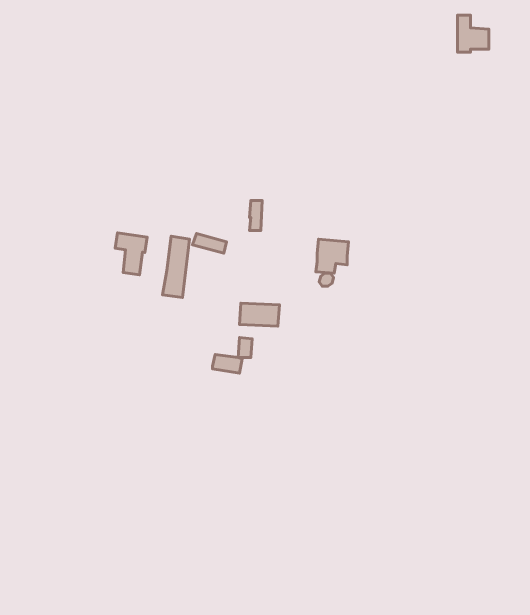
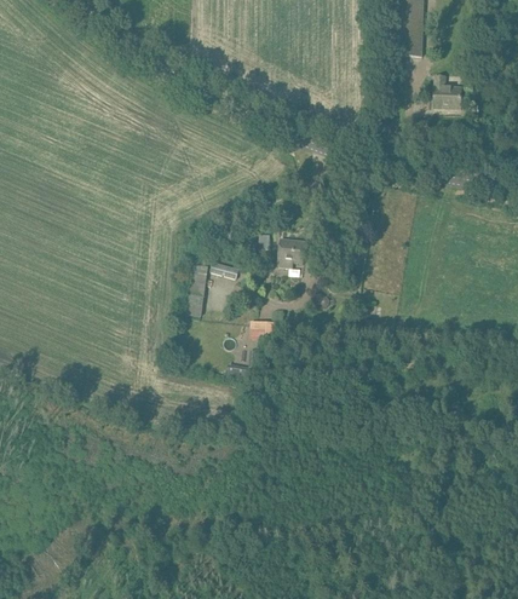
building: [115,233,147,275] -> none
building: [316,239,349,273] -> [277,237,305,266]

